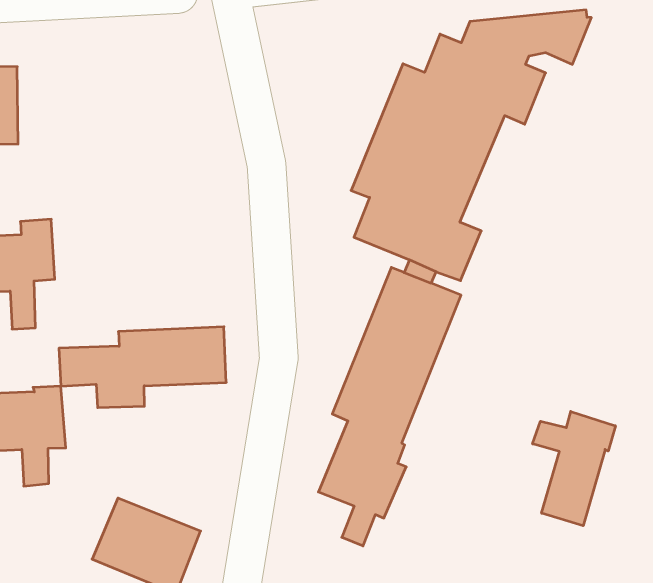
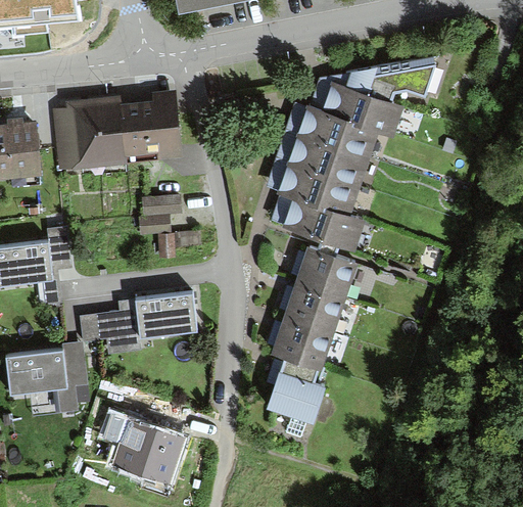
building: none -> [51,89,182,171]
building: none -> [136,194,199,259]
building: [533,411,615,526] -> none

